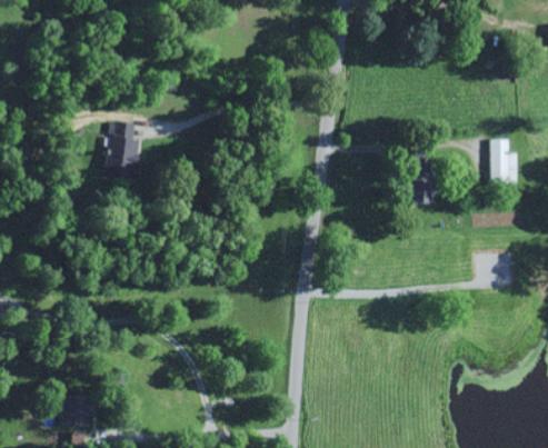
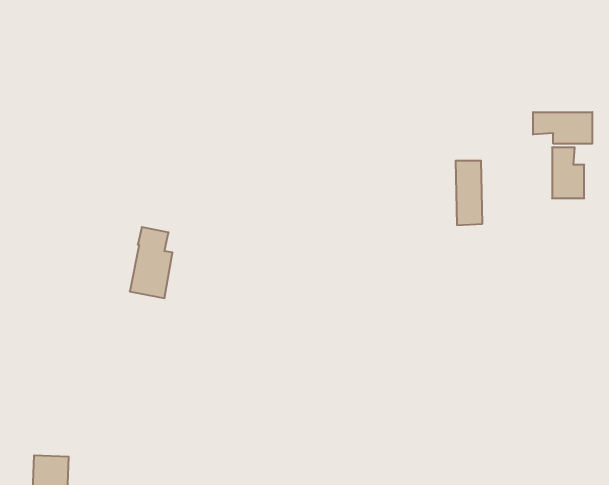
building: none -> [533,112,592,144]
building: [104,119,140,178] -> [130,227,173,298]

